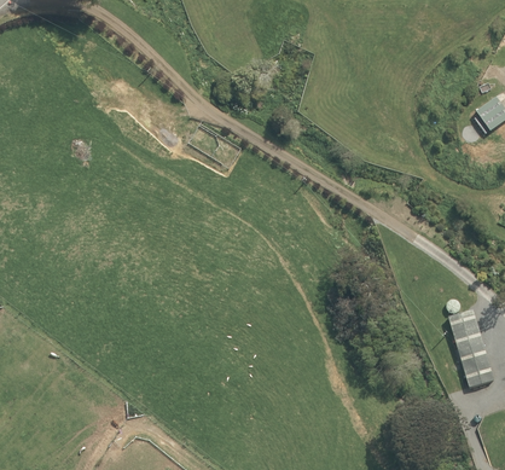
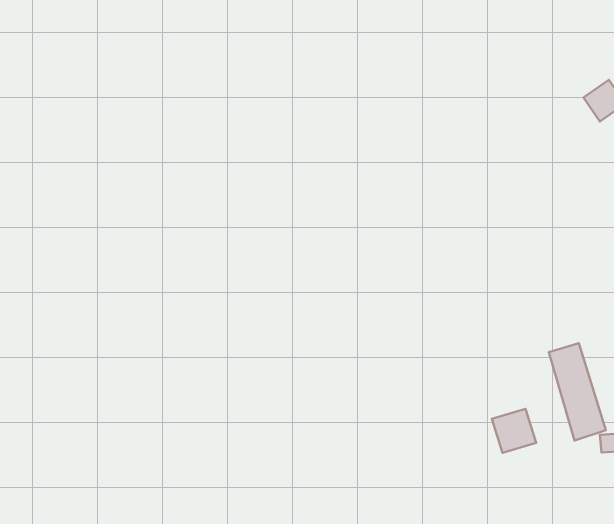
building: none -> [492,409,536,453]

